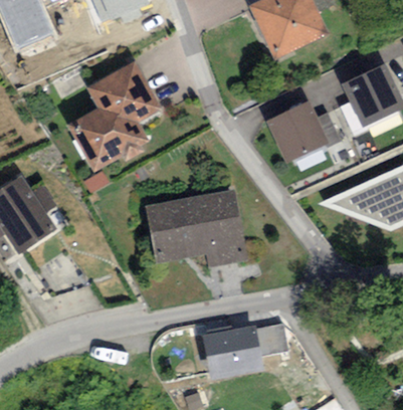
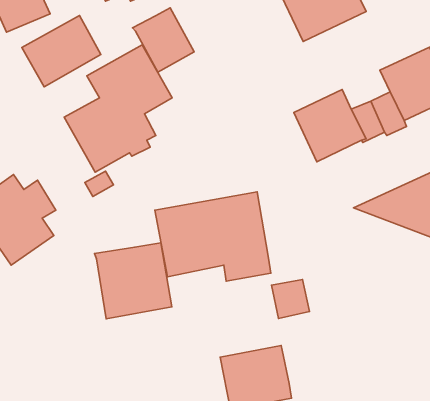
building: none -> [133,8,194,72]
building: none -> [22,16,101,87]
building: none -> [95,243,172,319]
building: [256,323,289,357] -> [272,279,310,318]

